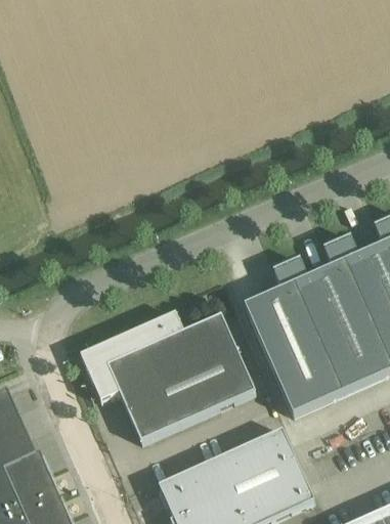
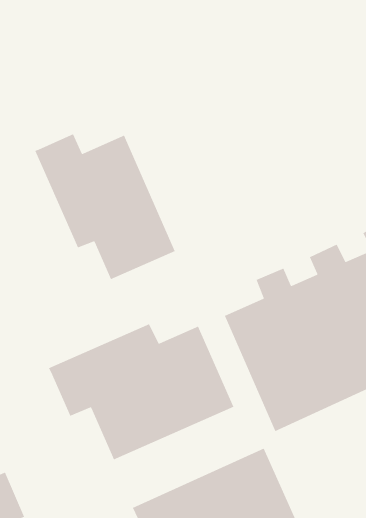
building: none -> [34,133,176,280]

